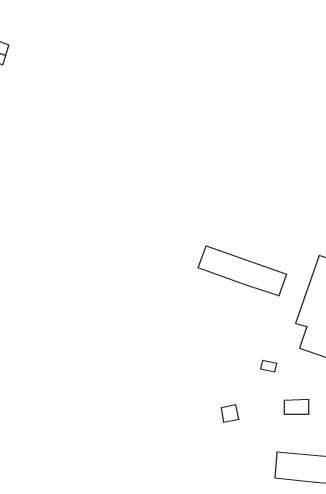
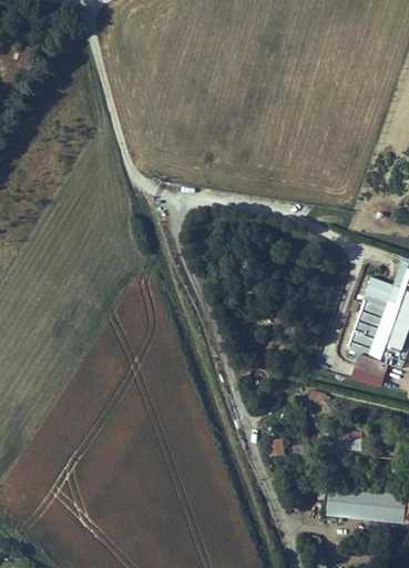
building: [198,246,287,296] -> none

